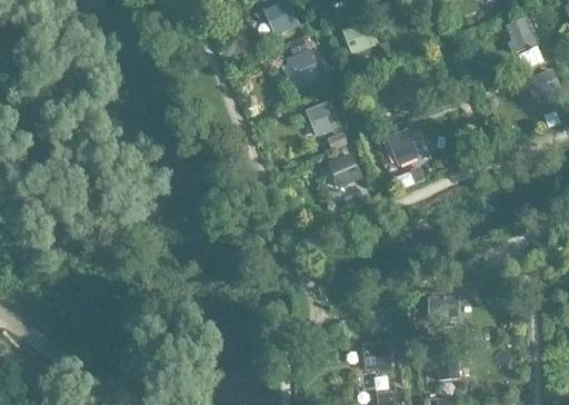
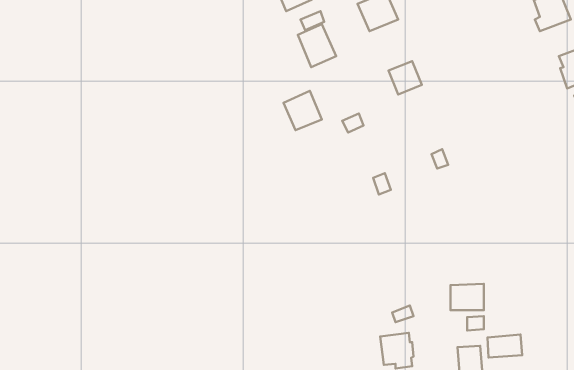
building: [306,99,341,136] -> [284,91,322,130]
building: [387,127,419,166] -> none
building: [327,151,362,188] -> none
building: none -> [487,334,522,358]

